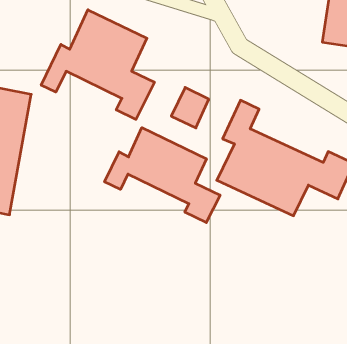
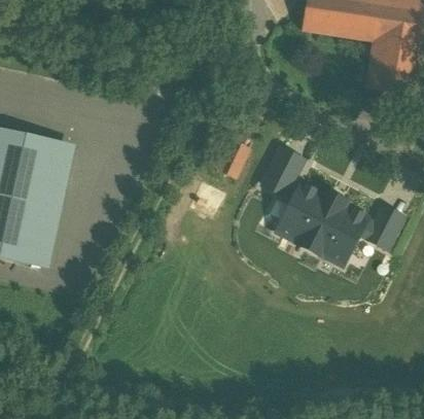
building: [41,10,154,119] -> none
building: [105,128,220,223] -> none

